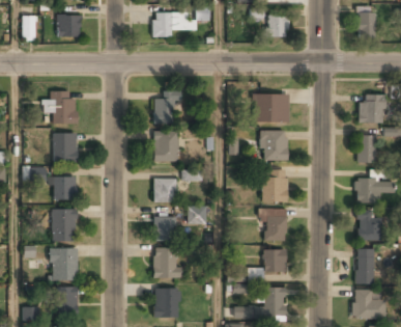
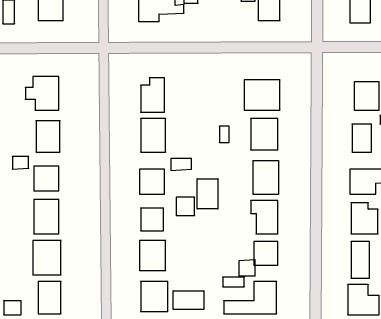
building: none -> [197,179,218,209]
building: none -> [173,291,204,309]

